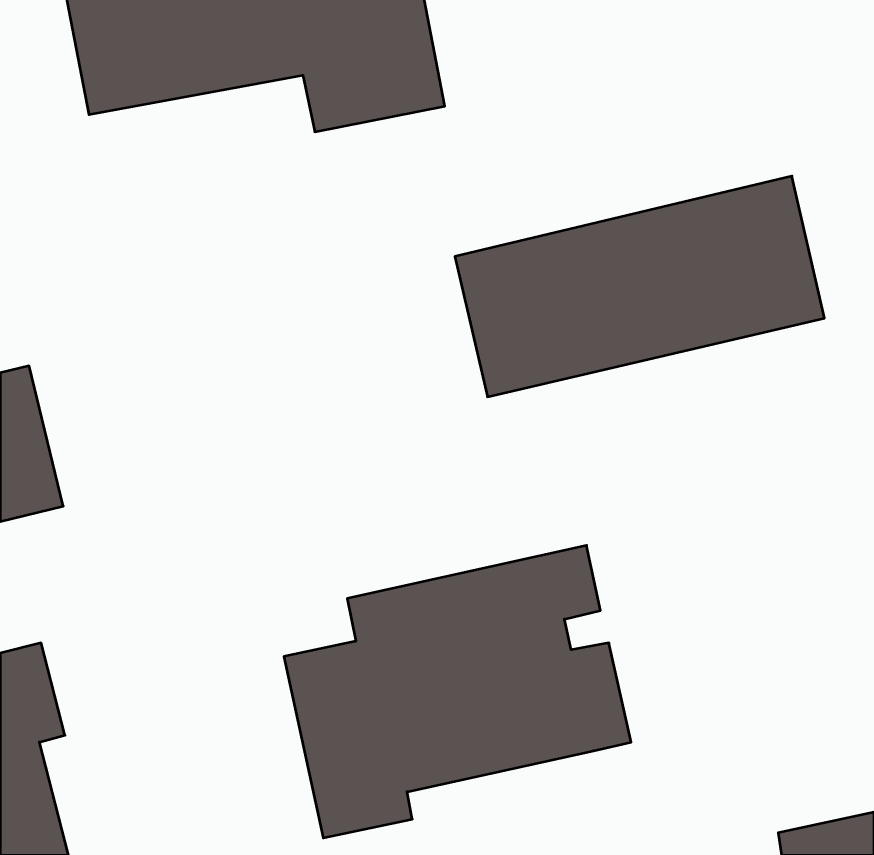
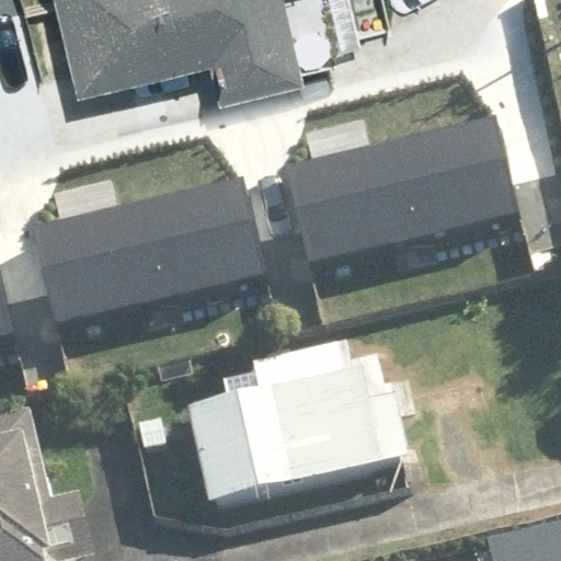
building: none -> [45,175,283,317]

